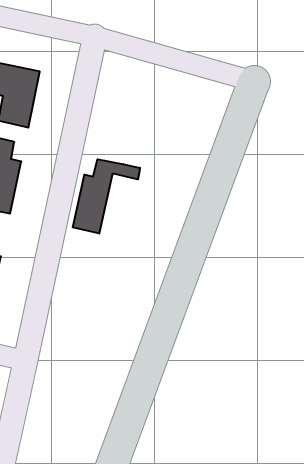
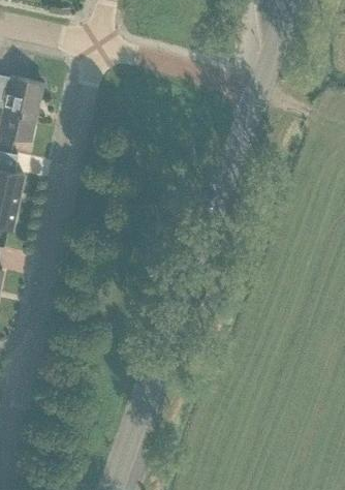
building: [73,159,140,234] -> none

